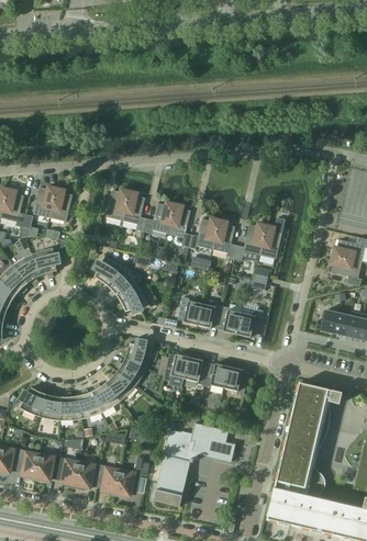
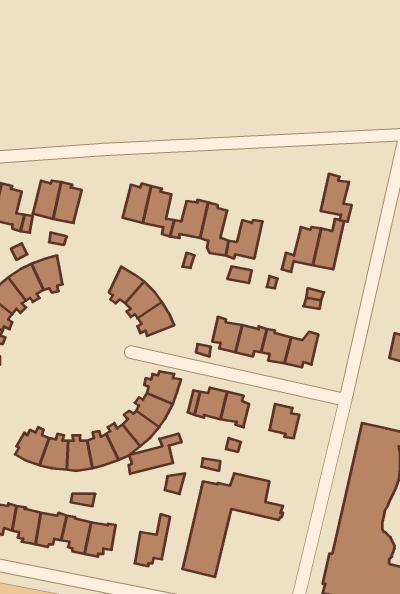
building: [212,219,237,258] -> [321,174,352,222]
building: [203,363,229,387] -> none
building: none -> [129,434,181,474]
building: [97,464,120,495] -> none

